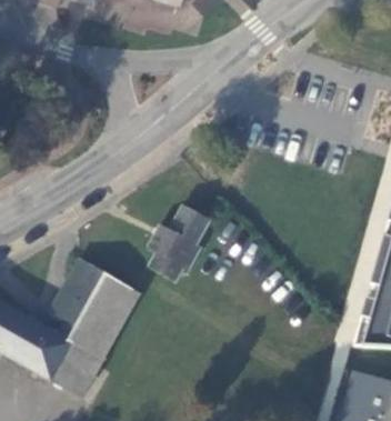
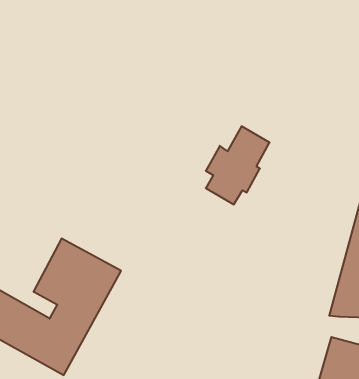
building: [146,207,211,287] -> [206,126,270,204]

